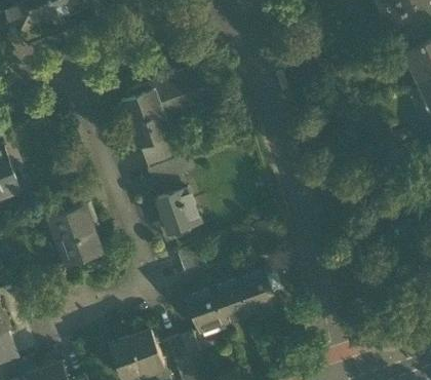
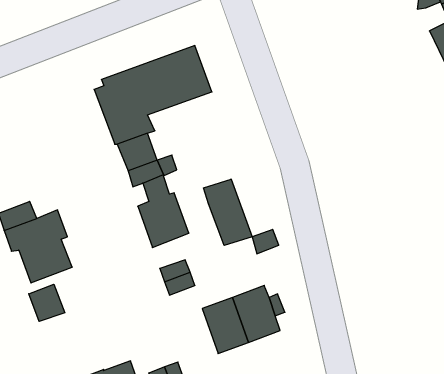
building: none -> [203,179,252,245]
building: none -> [29,284,65,321]
building: [186,289,226,336] -> none

